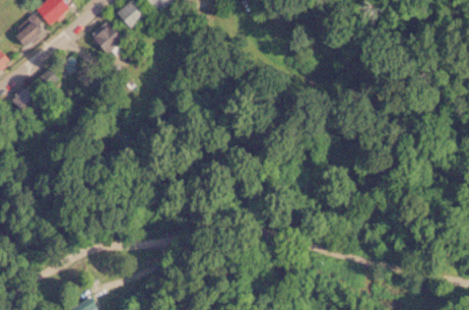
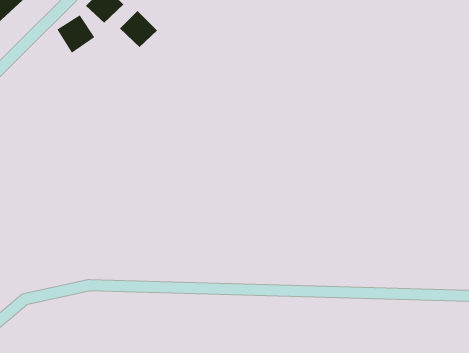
building: none -> [119,10,158,48]

